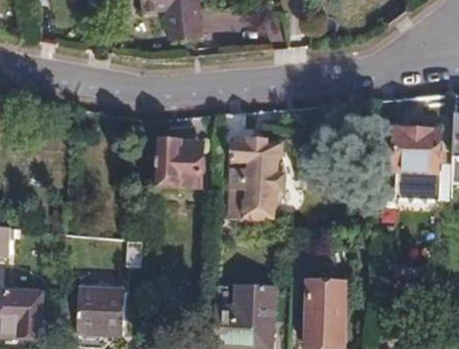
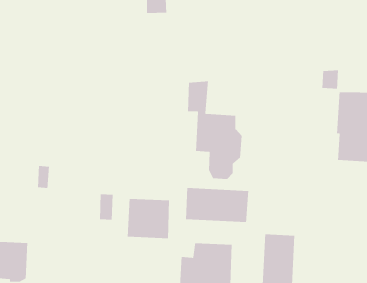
building: [153,136,201,188] -> none
building: none -> [185,187,249,223]
building: [75,287,123,333] -> [127,198,170,239]

